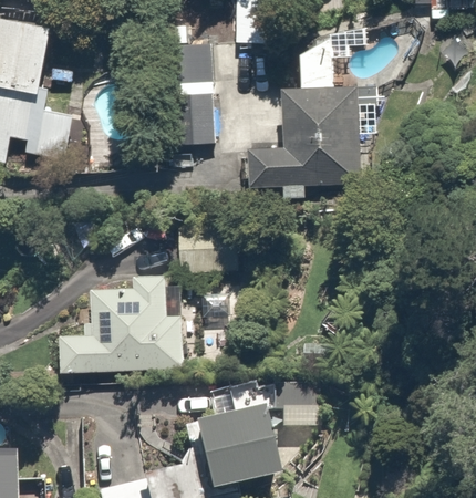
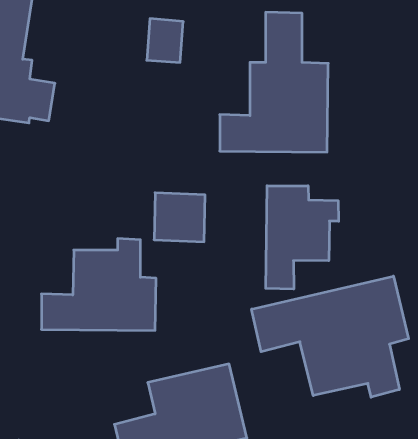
building: [166,92,215,147] -> none
building: none -> [266,186,339,289]
building: none -> [252,276,409,397]

